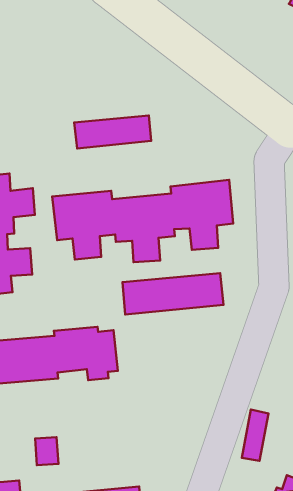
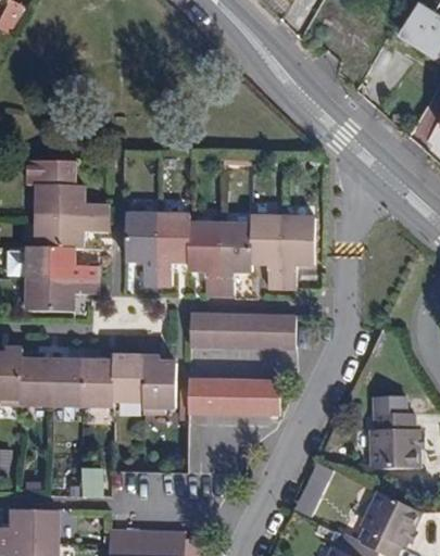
building: [74,115,151,149] -> none
building: none -> [188,379,279,415]

